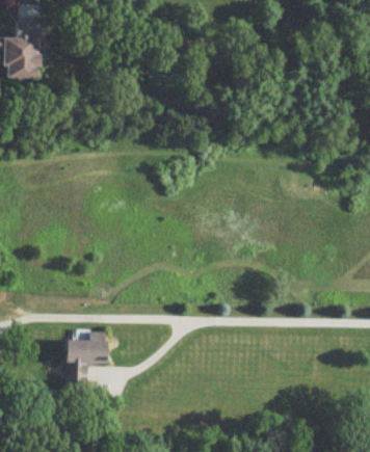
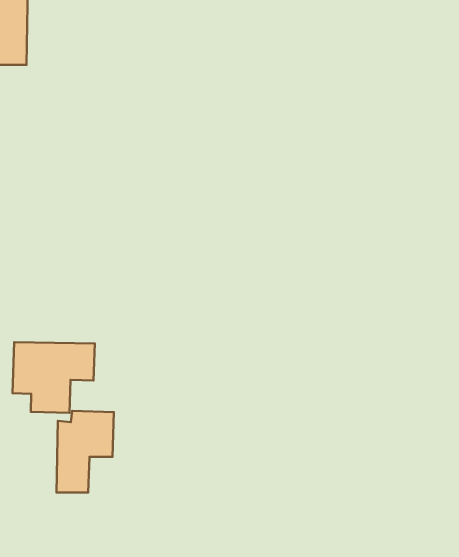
building: none -> [13,342,95,413]

